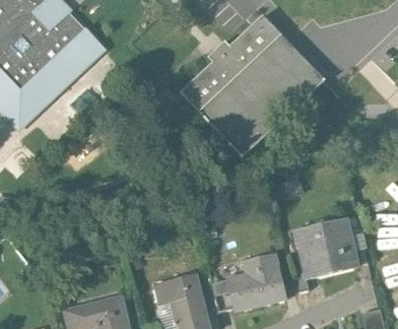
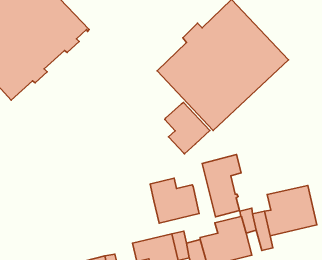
building: none -> [165,102,210,154]
building: none -> [202,155,241,217]
building: none -> [150,178,199,223]

